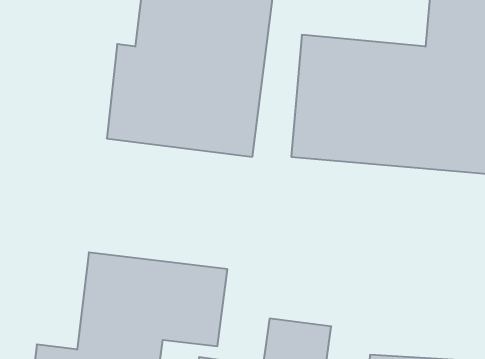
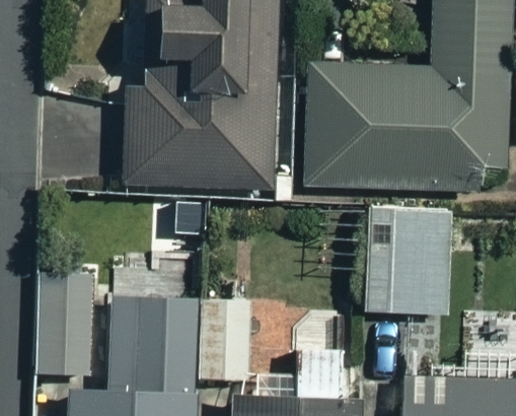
building: none -> [365,206,450,313]
building: none -> [40,275,98,375]

